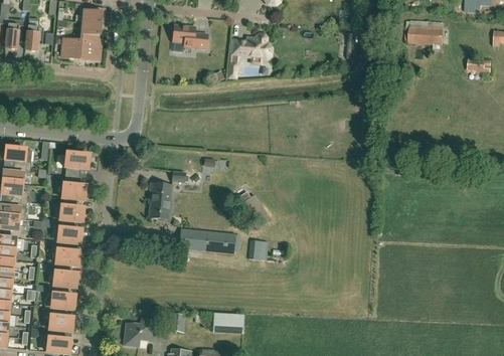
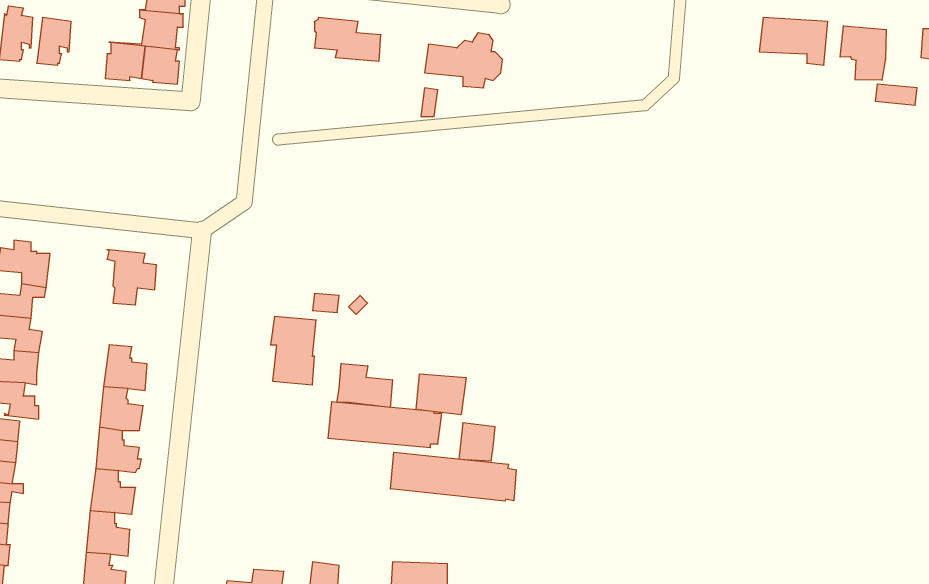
building: none -> [840,26,886,80]
building: [63,176,86,200] -> none
building: none -> [337,363,392,407]
building: none -> [416,374,466,415]
building: none -> [390,452,516,501]

